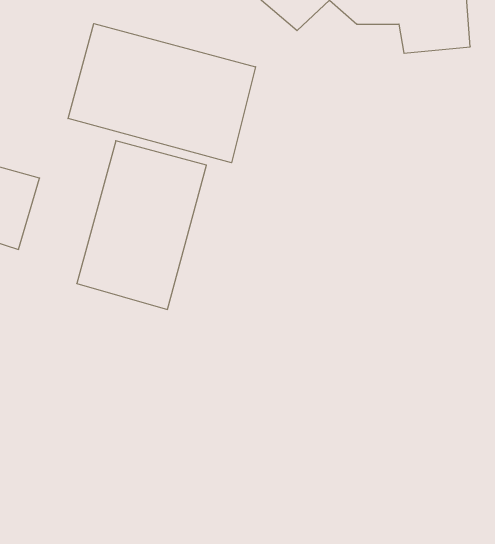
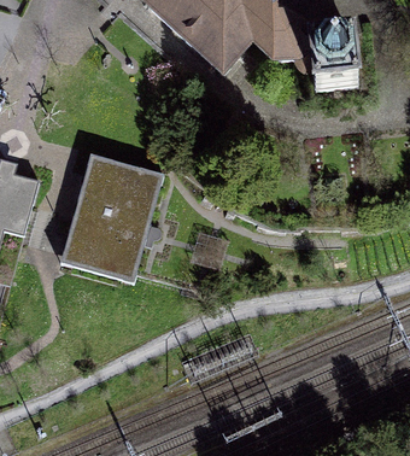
building: [68,24,256,163] -> none

